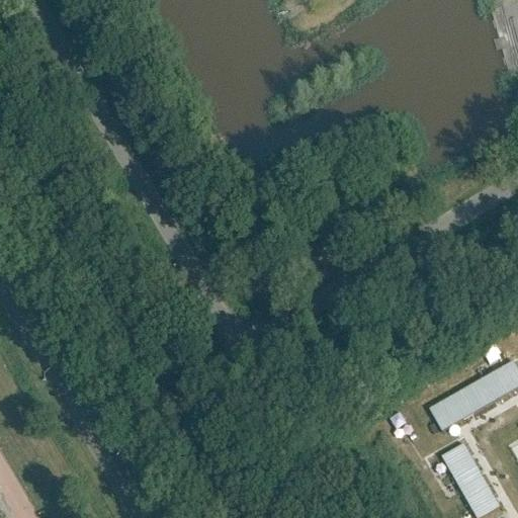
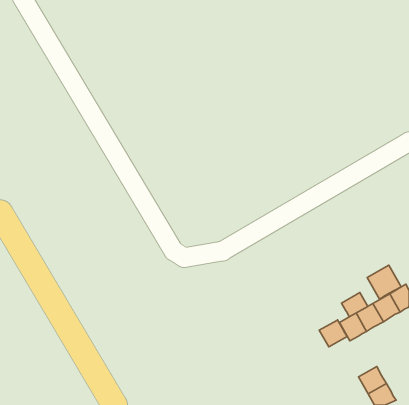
building: none -> [367,265,401,299]
building: none -> [341,293,368,317]
building: [441,442,477,477] -> [319,320,347,347]

